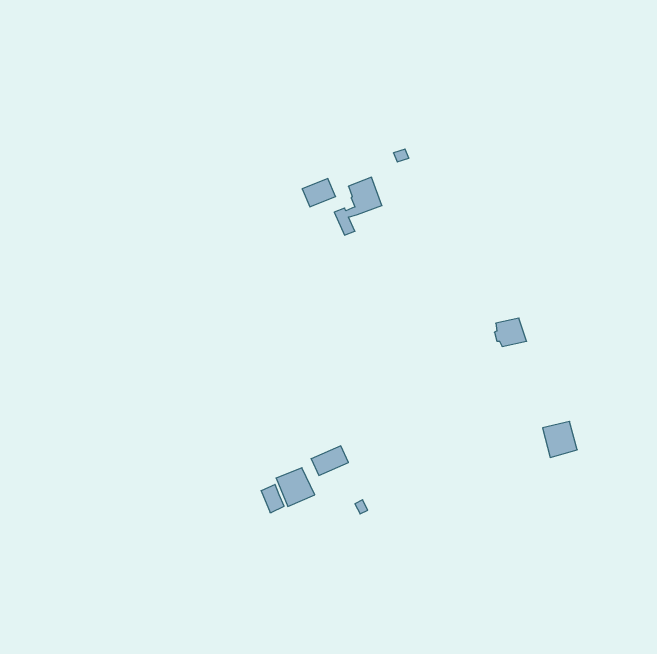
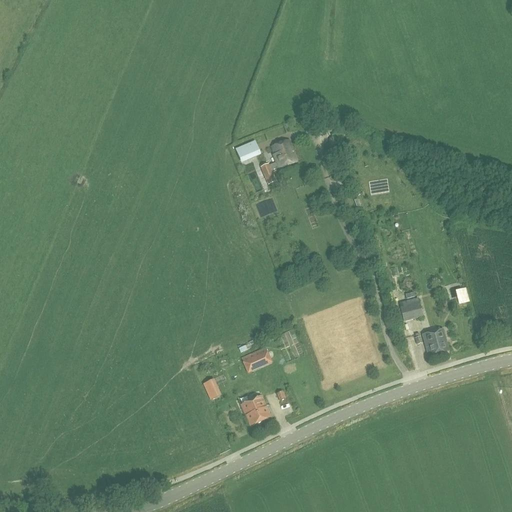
building: [494,318,527,346] -> [398,297,423,319]
building: [276,468,315,506] -> [241,395,271,425]

